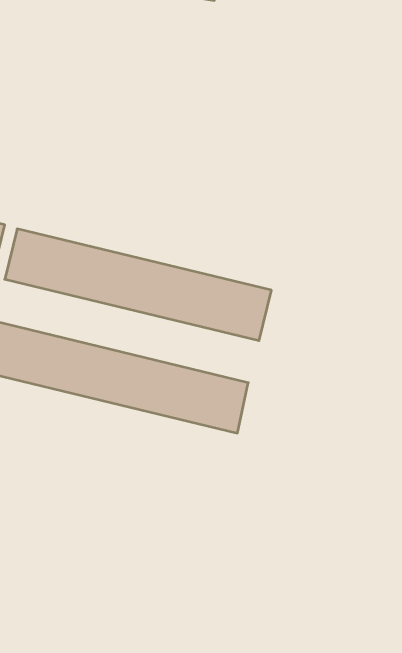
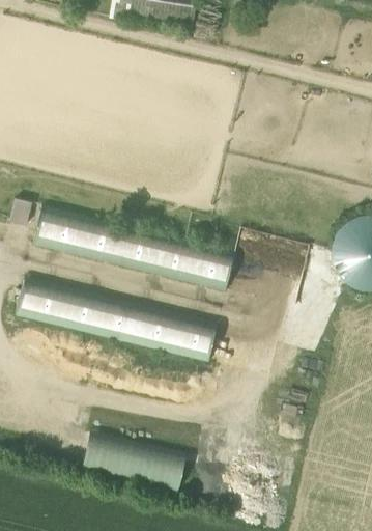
building: none -> [81,429,187,488]

